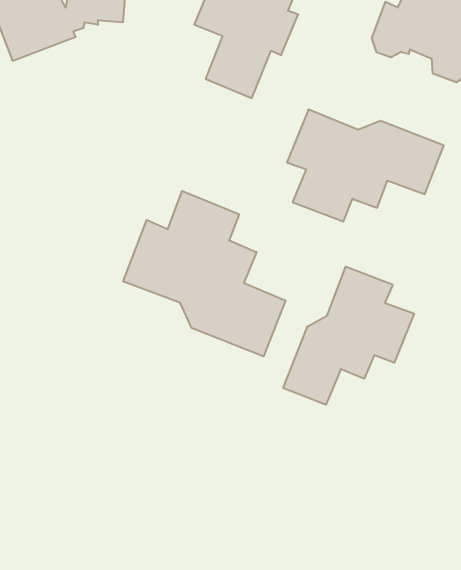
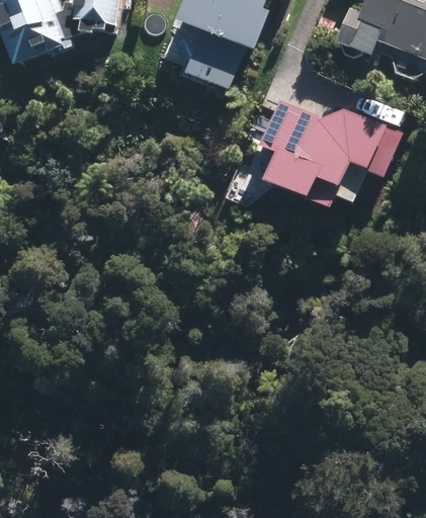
building: [123,191,285,356] -> none
building: [283,267,414,405] -> none

